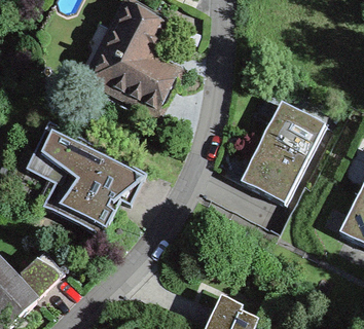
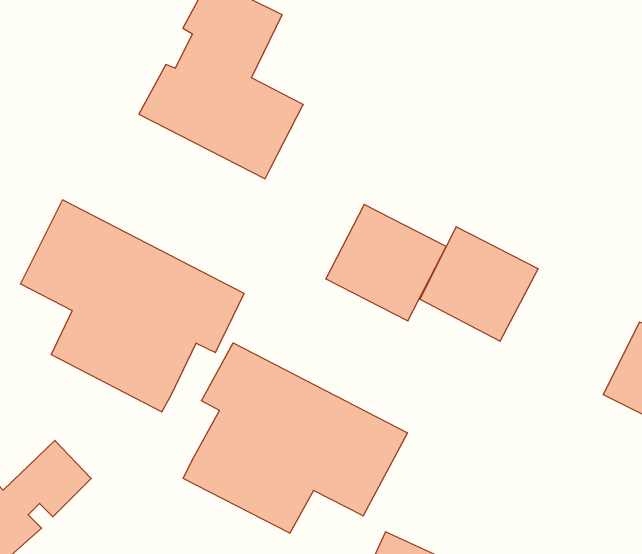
building: [259,98,324,160] -> [326,204,446,321]
building: none -> [183,343,407,533]

